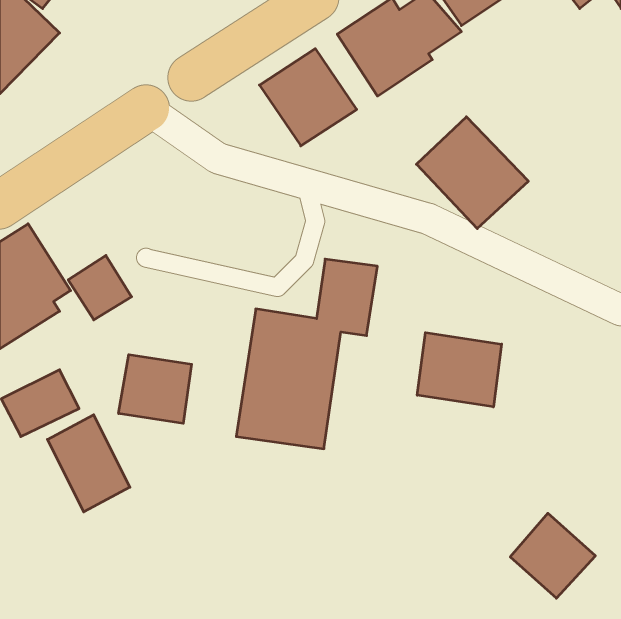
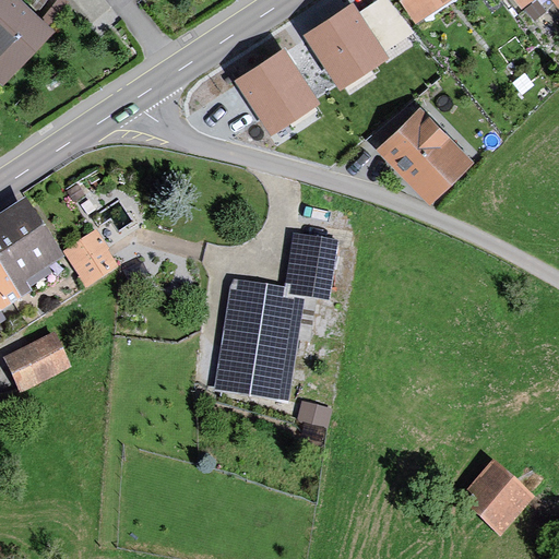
building: [417,333,502,407] -> none
building: [119,355,192,423] -> none
building: [47,415,130,512] -> none

